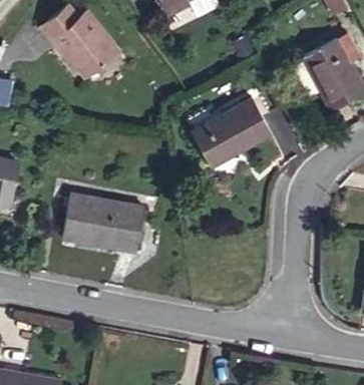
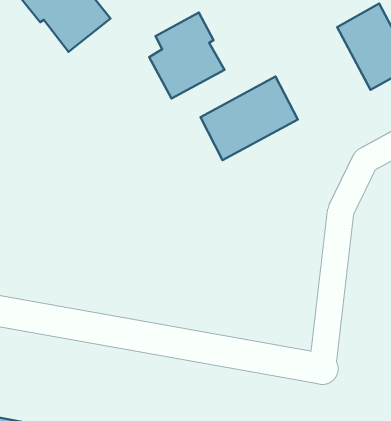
building: none -> [149,12,225,98]
building: [62,194,144,252] -> none

